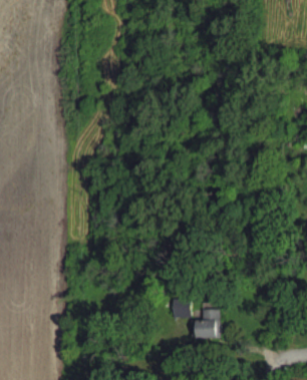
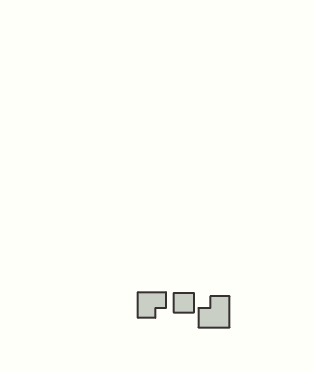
building: none -> [138,292,166,318]

